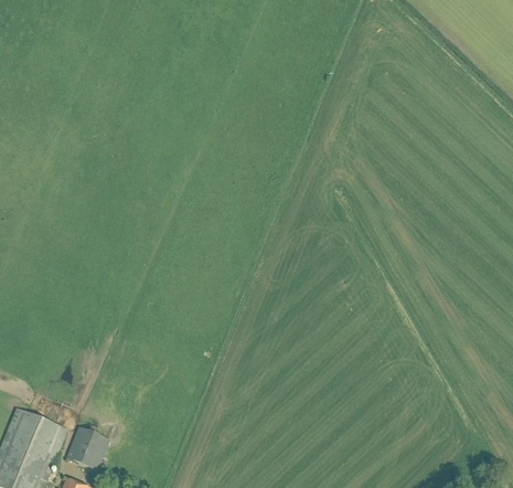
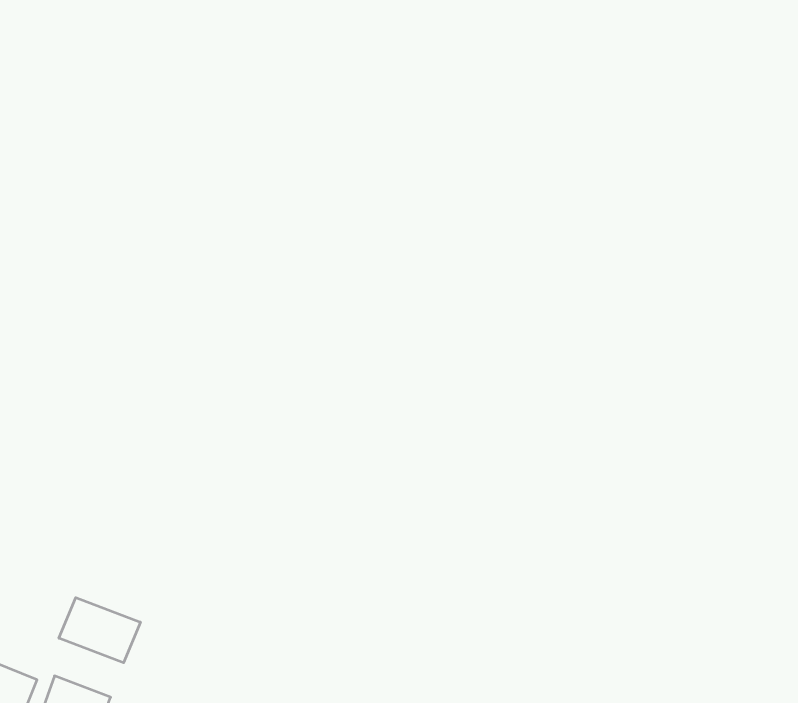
building: none -> [59,598,140,663]

